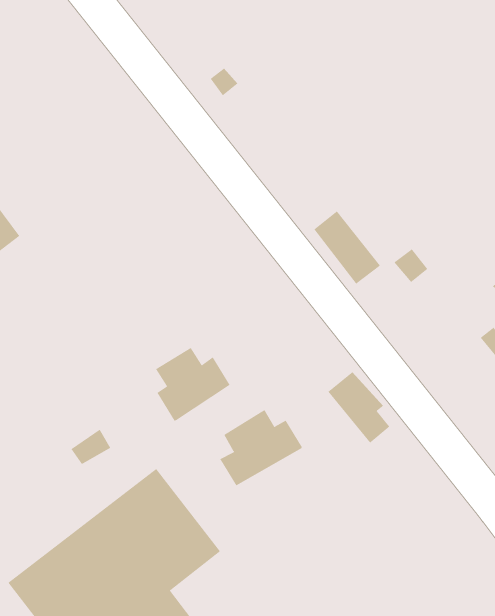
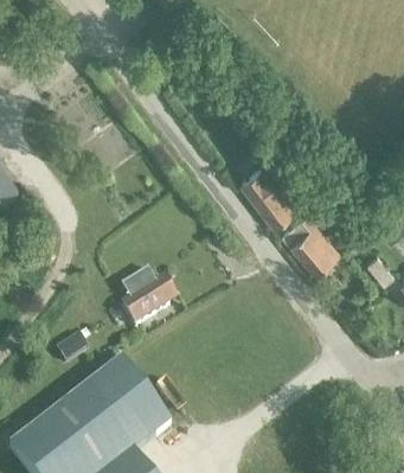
building: [327,371,390,444] -> [281,217,328,271]
building: [220,409,303,486] -> none

